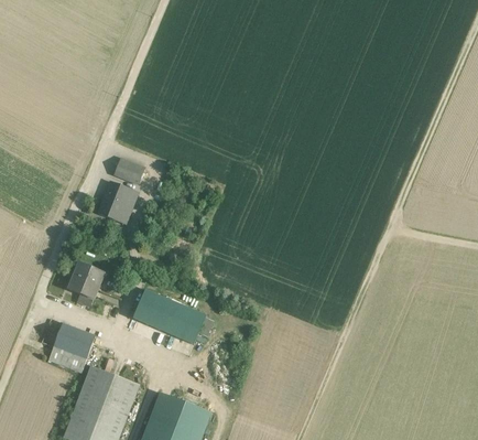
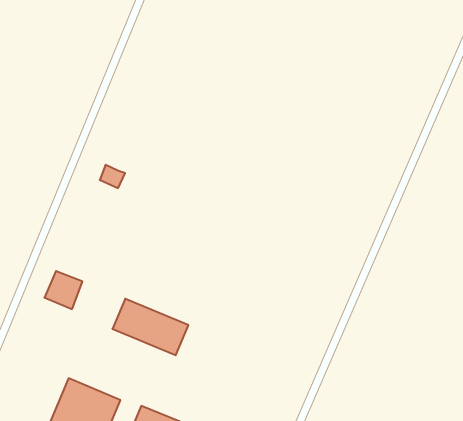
building: [99,182,137,223] -> none
building: [48,323,96,372] -> none

